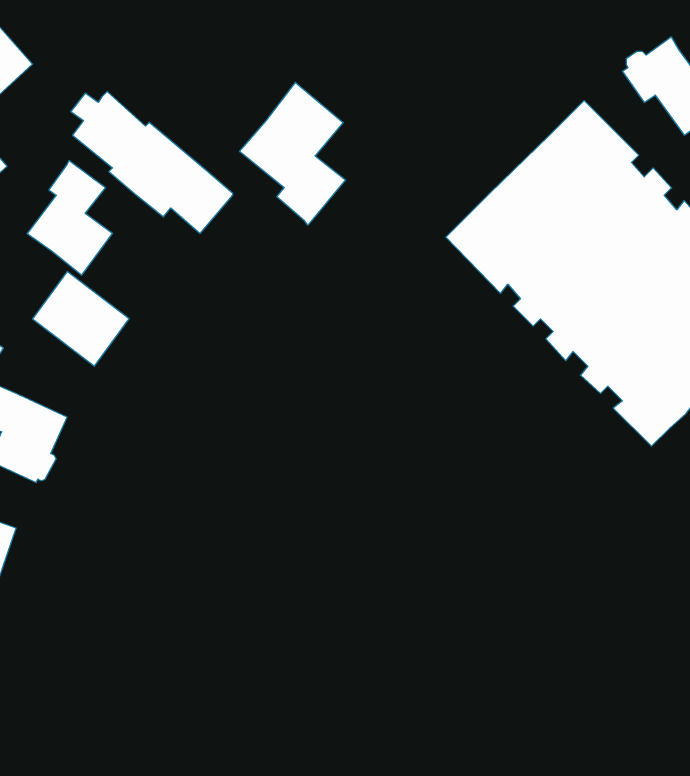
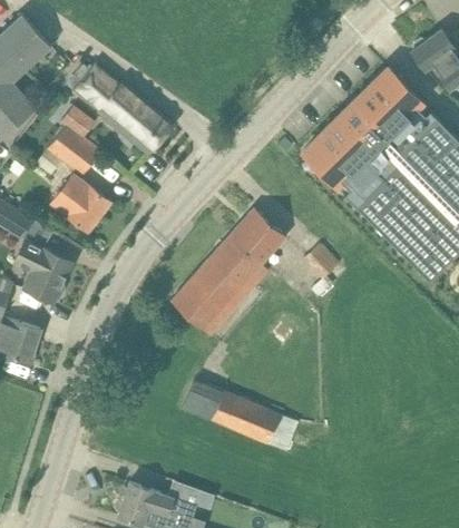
building: [240,82,345,225] -> none
building: none -> [170,207,286,335]
building: none -> [303,244,339,280]
building: none -> [180,378,297,452]

